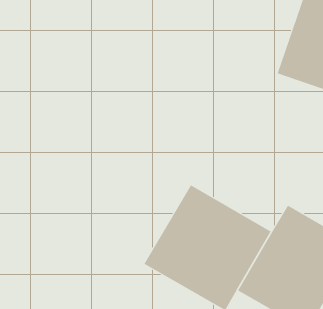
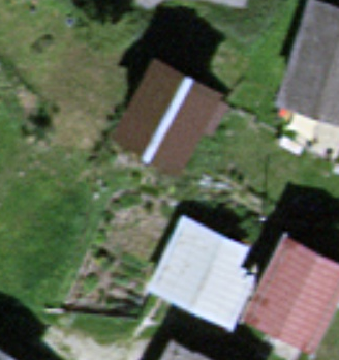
building: none -> [106,57,219,174]

